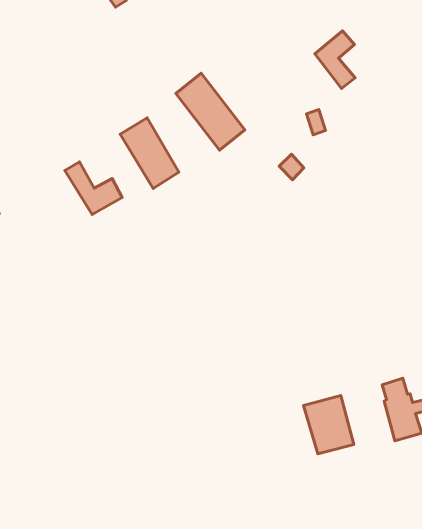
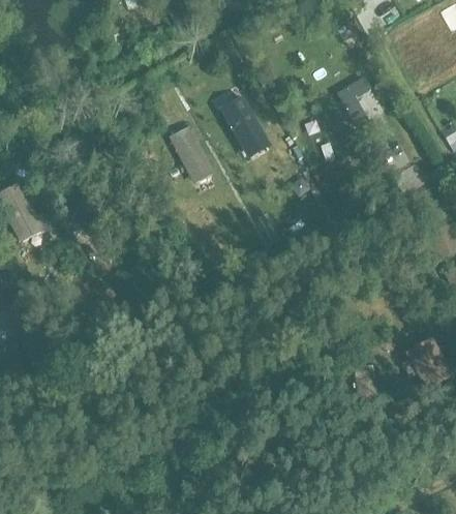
building: [65,162,122,214] -> none
building: [303,396,354,454] -> none

